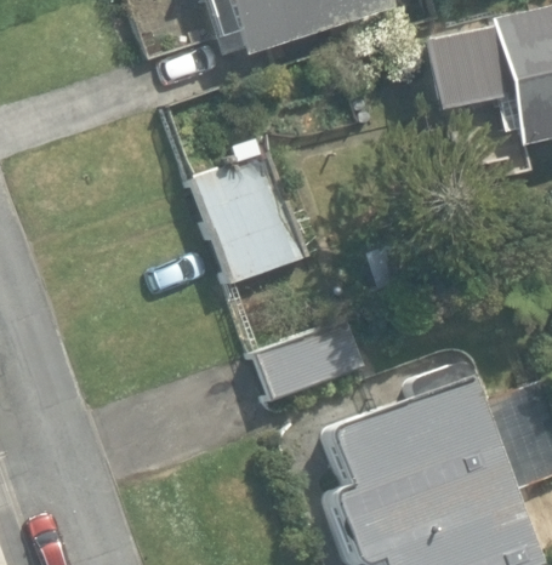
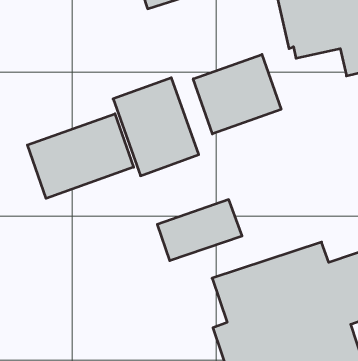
building: none -> [193,54,281,134]
building: none -> [27,114,134,198]

